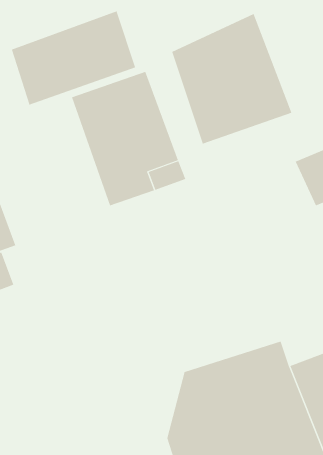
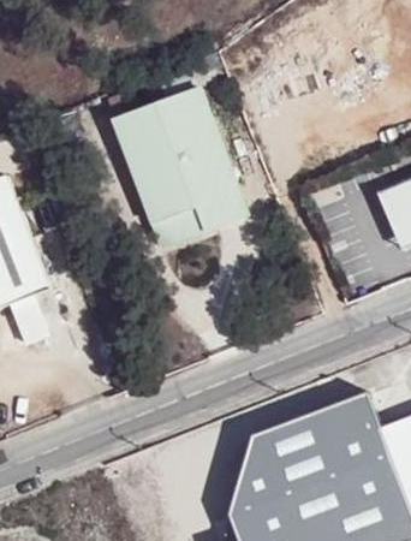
building: [11,10,136,106] -> none
building: [171,13,292,145] -> none

